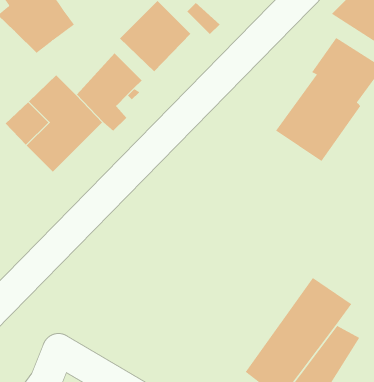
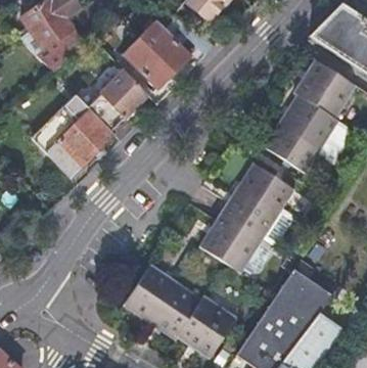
building: none -> [195,158,290,265]
building: none -> [123,262,236,355]

